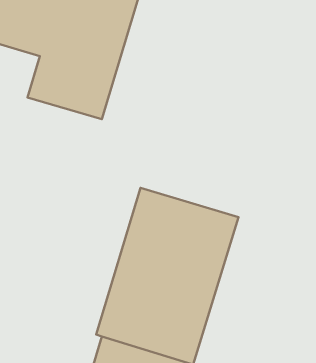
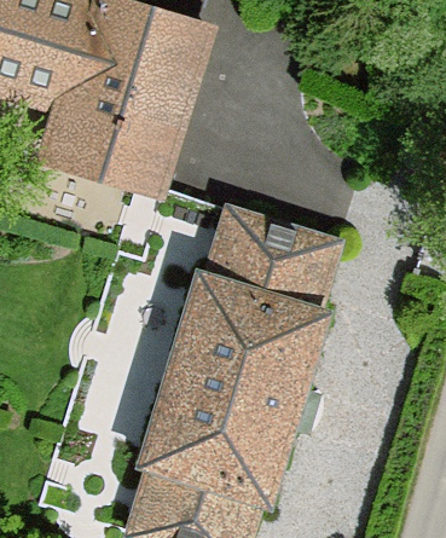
building: none -> [207,213,337,313]

